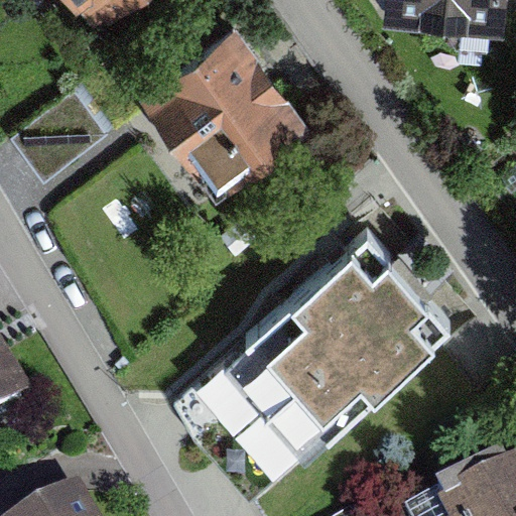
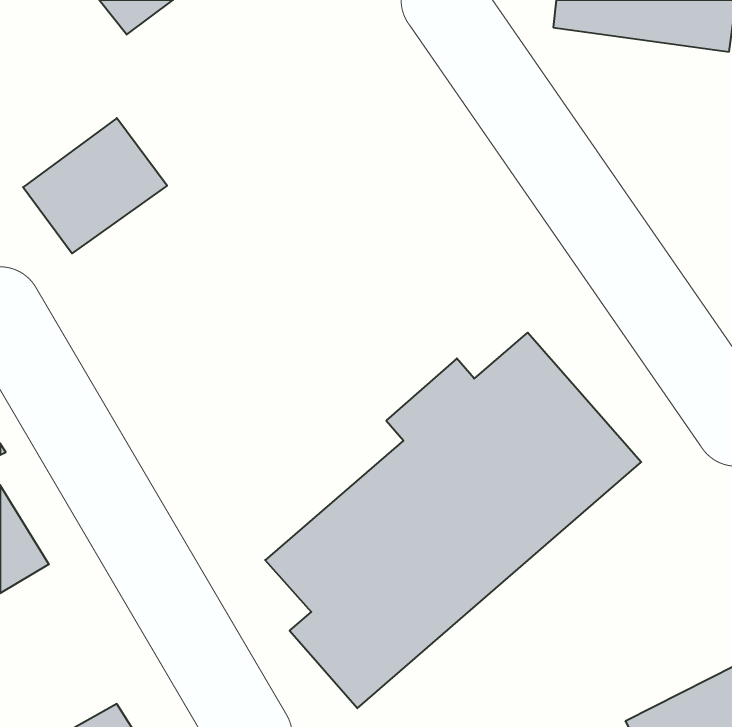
building: [144,25,309,188] -> none

